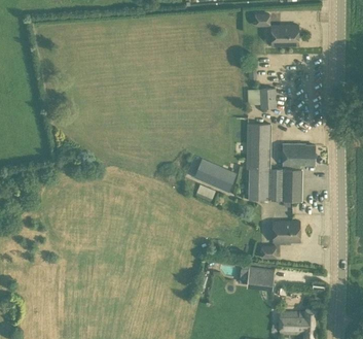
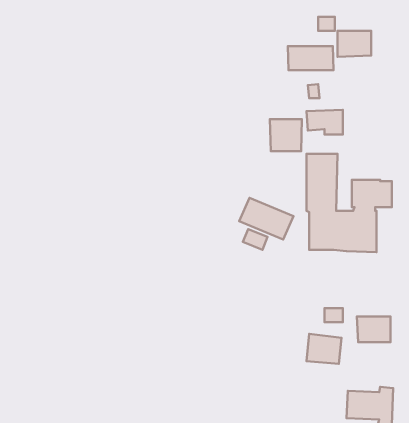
building: none -> [288,46,333,70]
building: none -> [270,119,302,151]
building: [271,222,298,242] -> [357,316,391,342]

